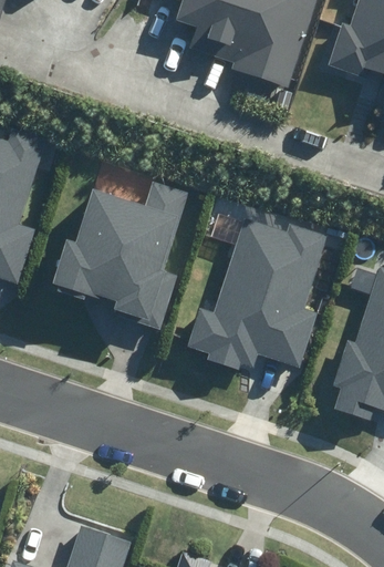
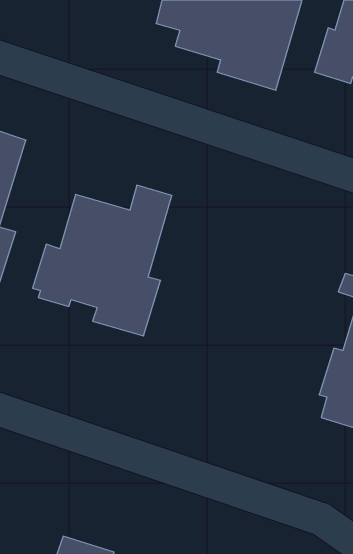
building: [186,219,326,370] -> none

